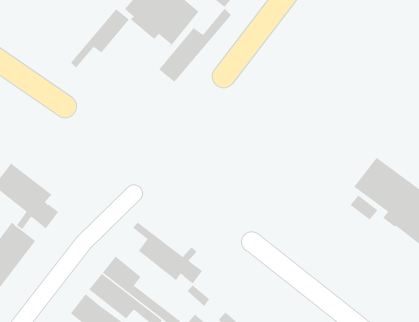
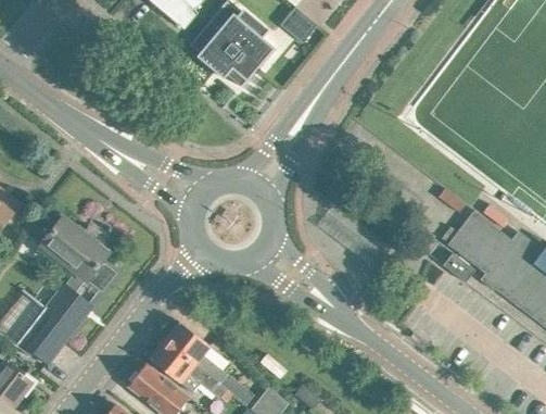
building: [158,8,232,83] -> none
building: [70,8,130,69] -> none
building: [132,222,203,285] -> none

